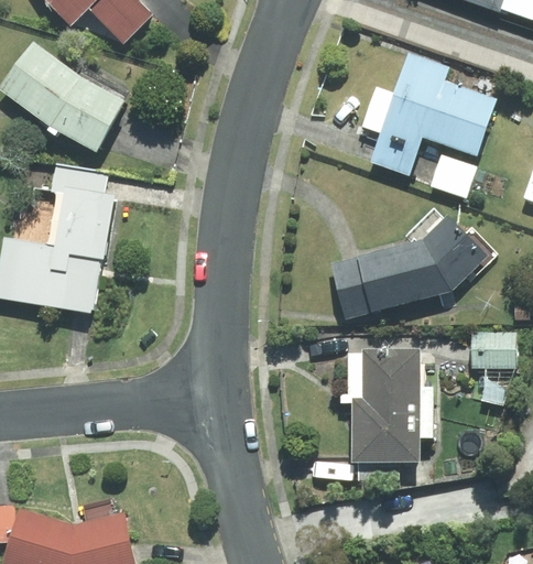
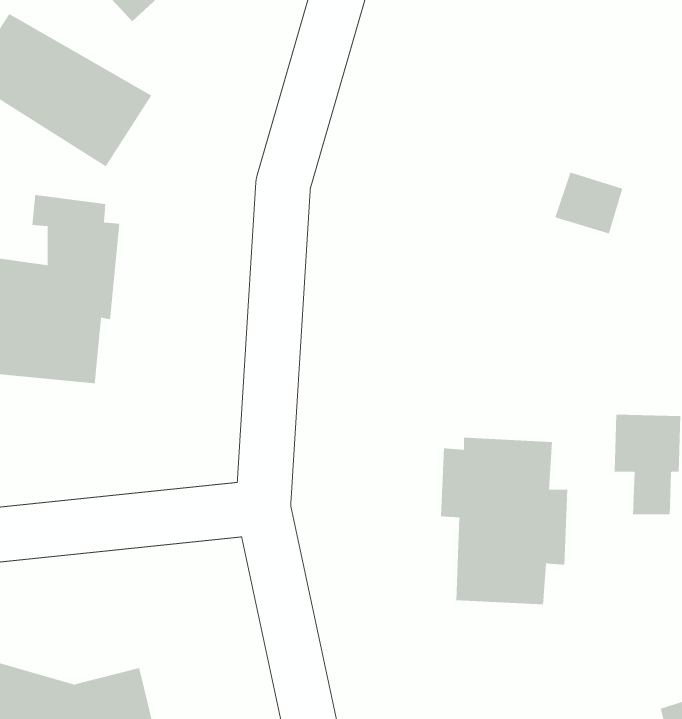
building: [359,53,498,176] -> none
building: [326,208,493,322] -> none

